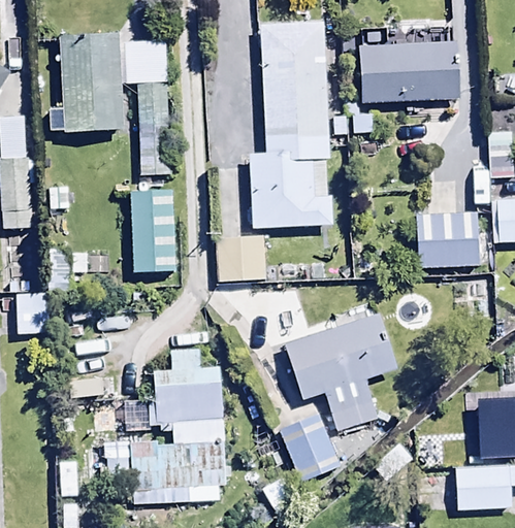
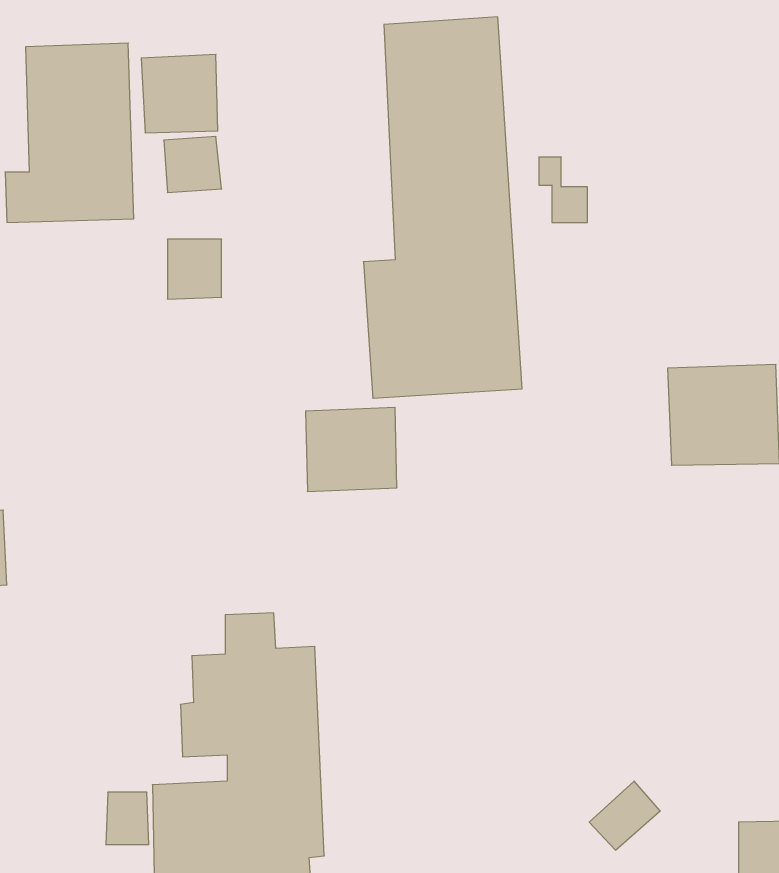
building: [357,41,460,102] -> none
building: [129,185,178,272] -> none
building: [287,314,399,430] -> none
building: [280,414,340,481] -> none

